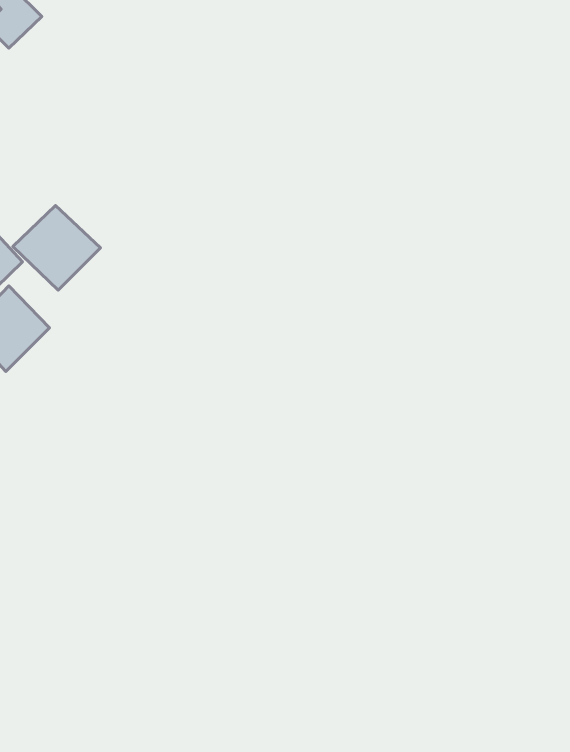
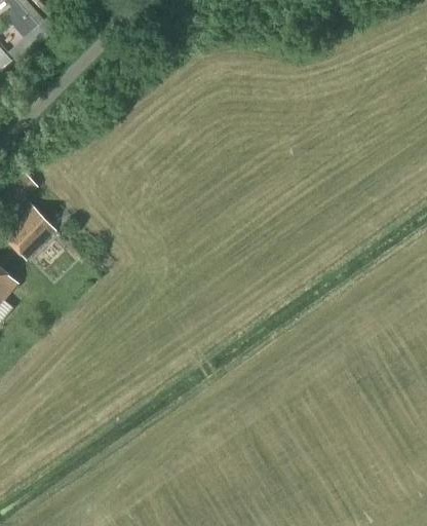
building: [13,206,101,290] -> none

